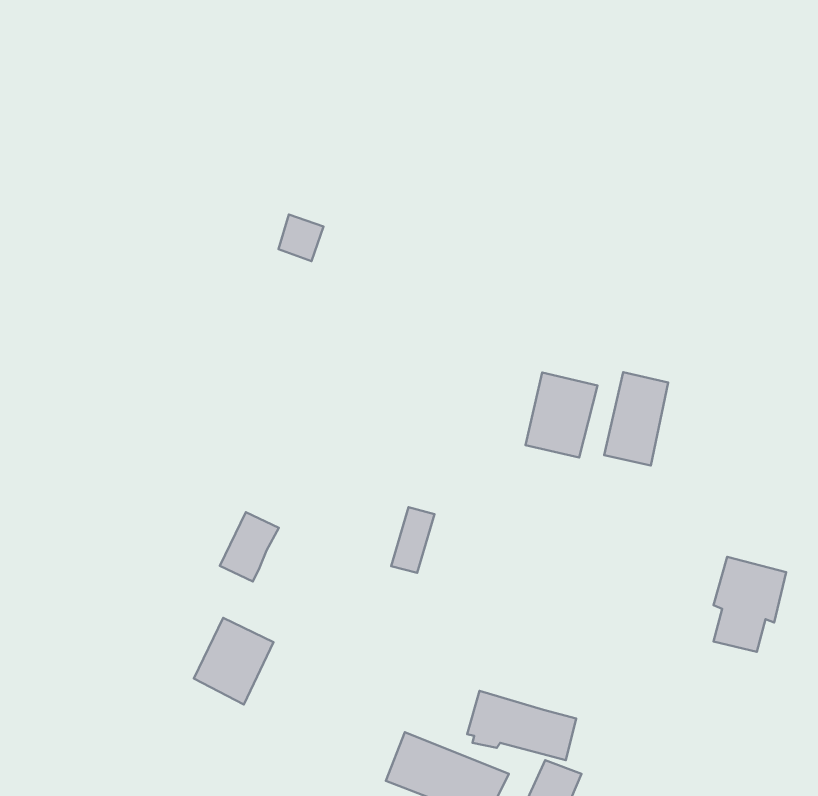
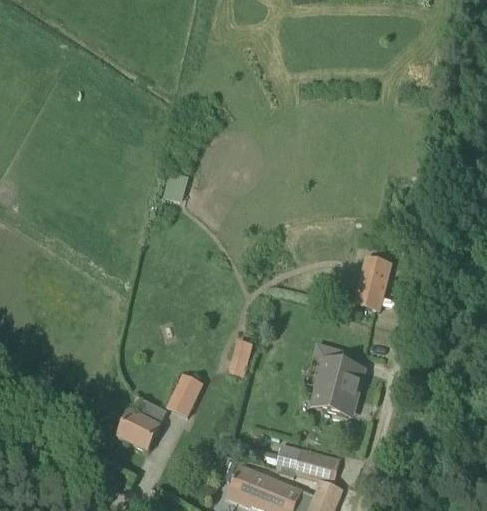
building: [525,373,598,457] -> none
building: [220,512,279,582] -> [167,374,201,414]
building: [713,557,786,652] -> [320,359,362,414]

